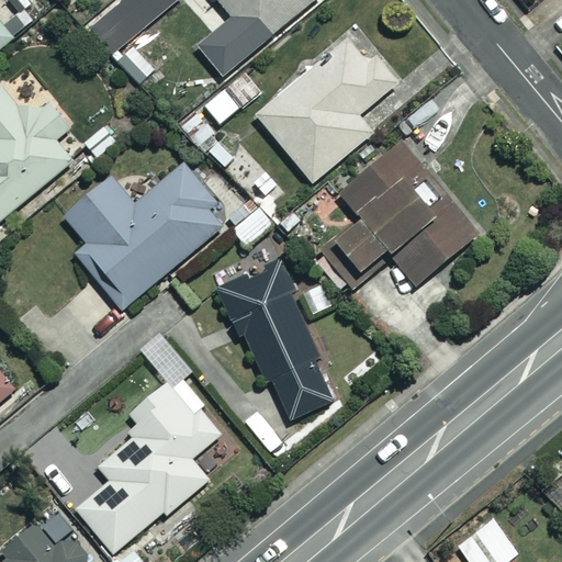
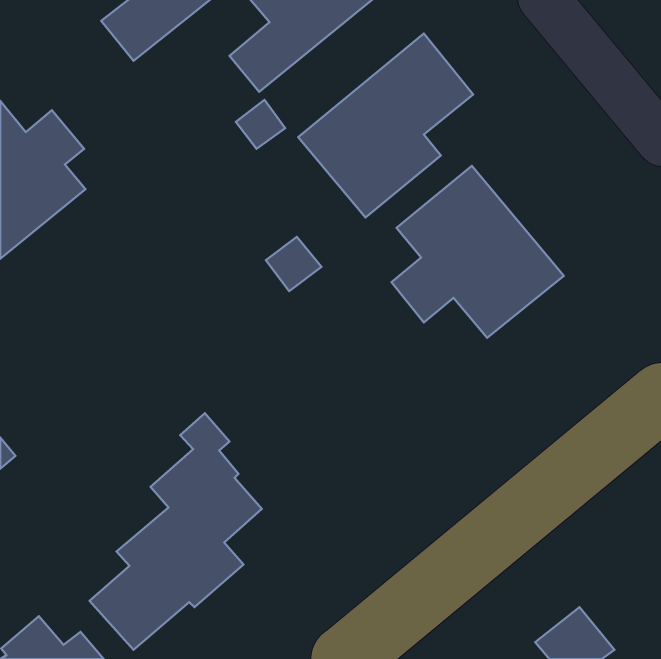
building: [57,159,228,312] -> none
building: [212,256,331,422] -> none

